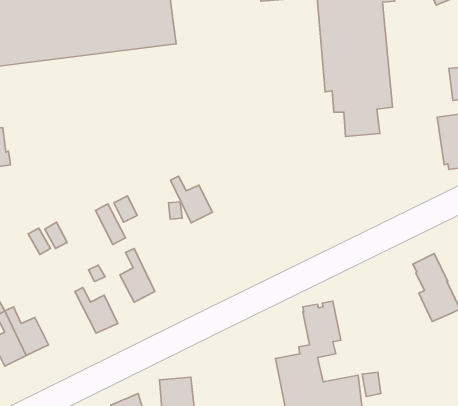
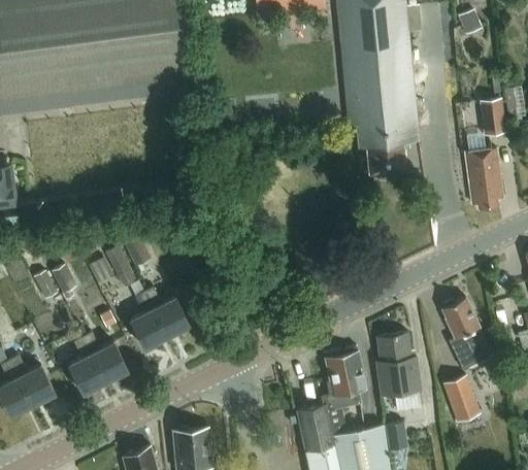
building: [171,176,212,223] -> [146,289,191,338]
building: none -> [376,333,421,398]
building: none -> [69,338,106,394]
building: none -> [444,376,482,423]

